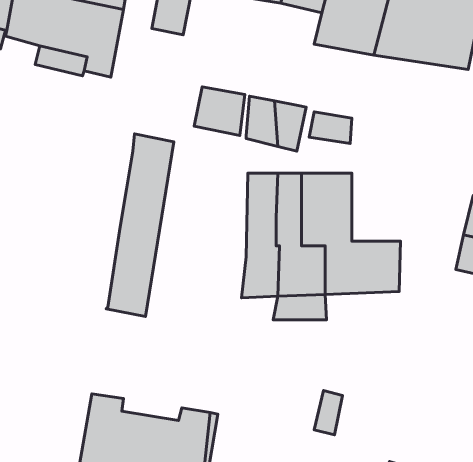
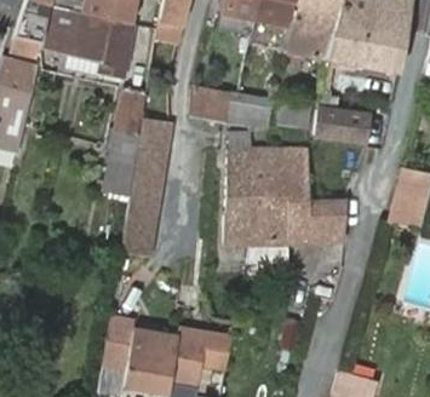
building: none -> [315,81,372,142]
building: none -> [107,90,143,191]

